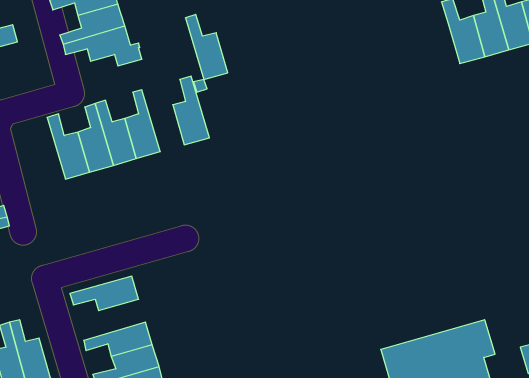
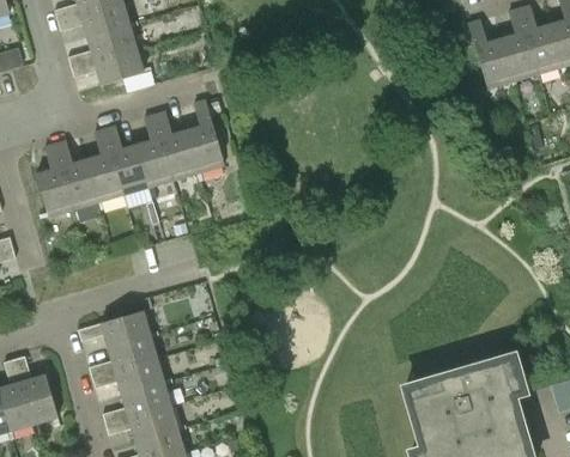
building: [185,14,228,80] -> [153,111,198,179]
building: none -> [35,144,73,217]
building: none -> [89,334,157,377]

